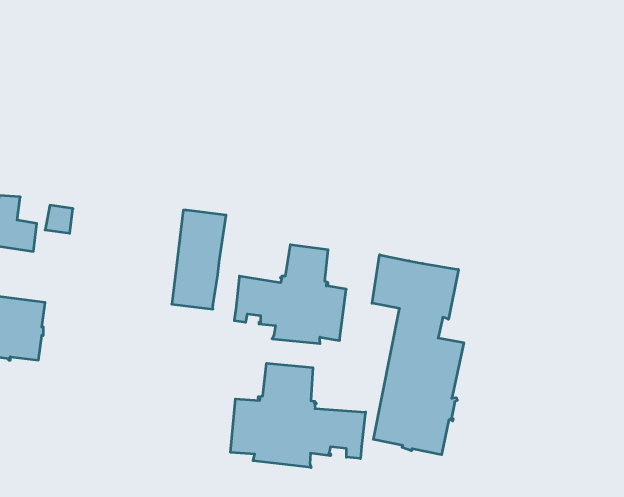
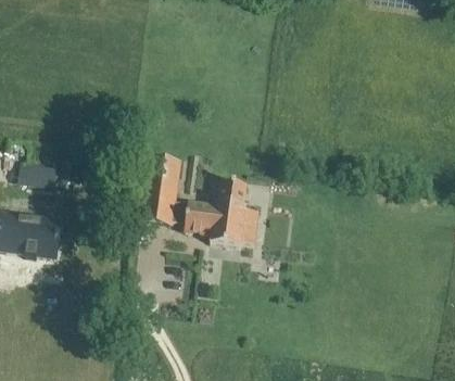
building: [372,255,464,455] -> none
building: [231,363,366,468] -> none

